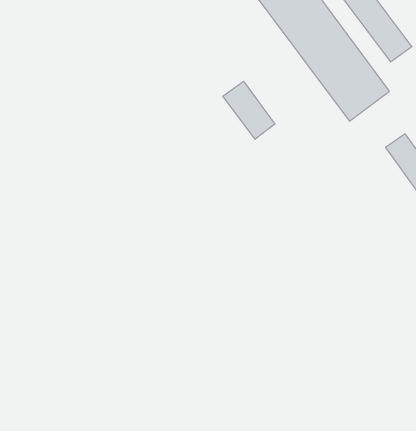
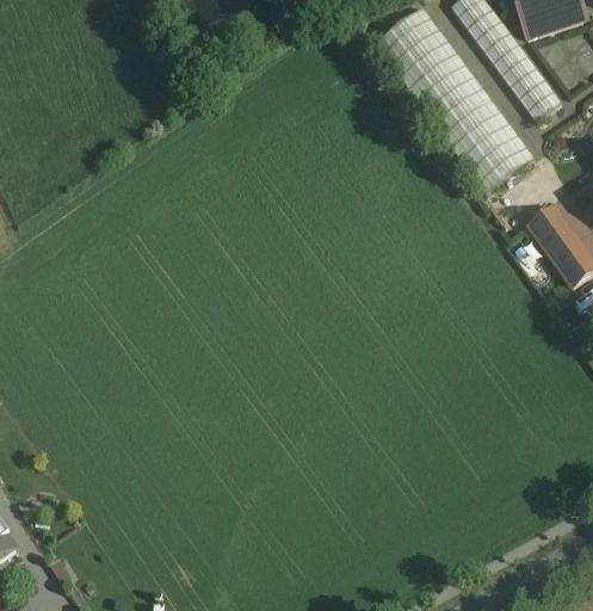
building: [223,81,275,139] -> none

